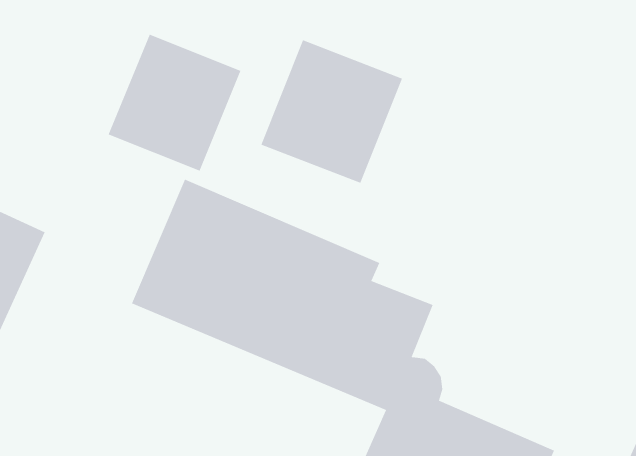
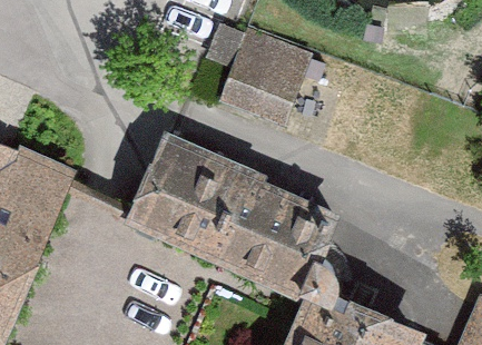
building: [108,34,241,172] -> none

